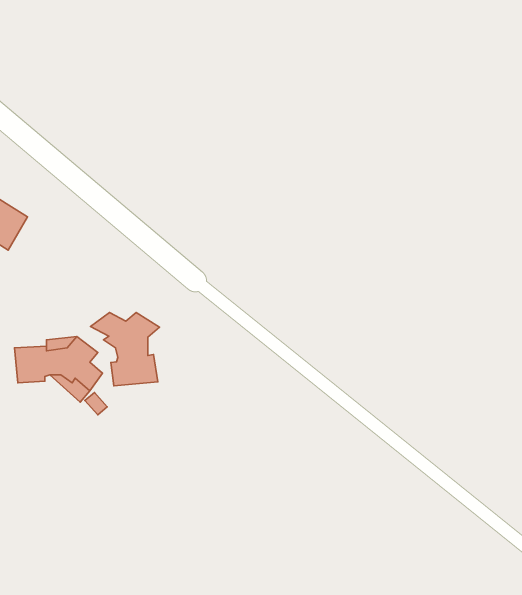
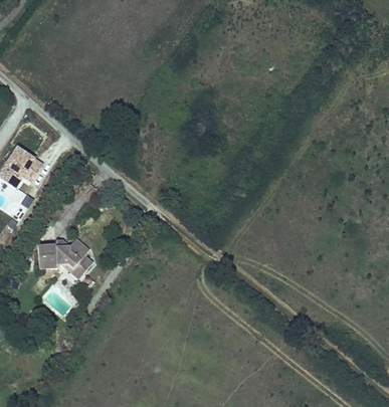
building: [90,312,160,386] -> none

